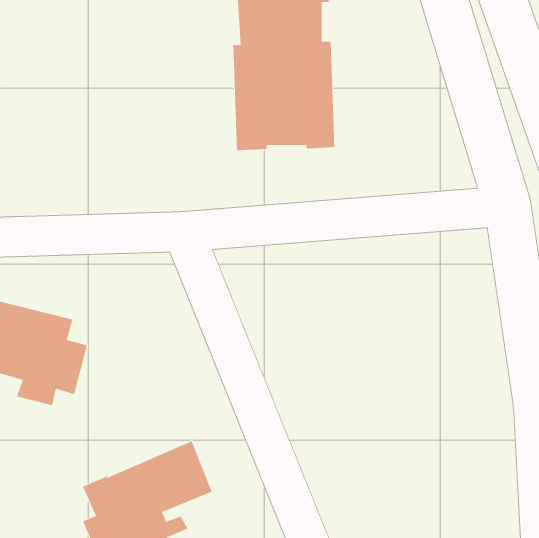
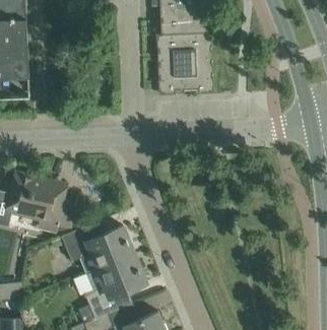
building: none -> [62,224,134,274]

